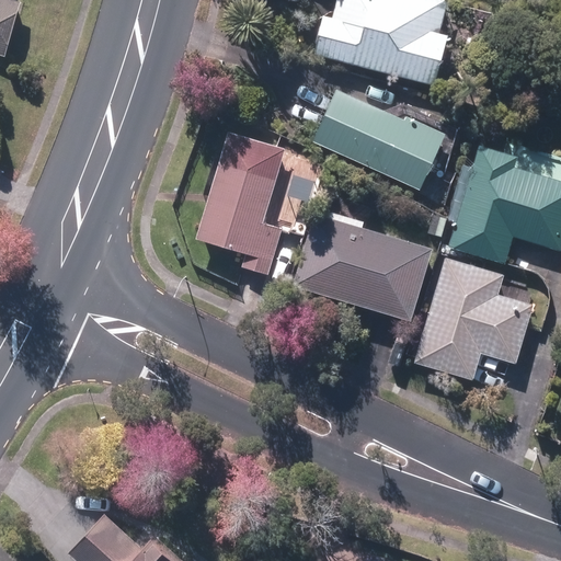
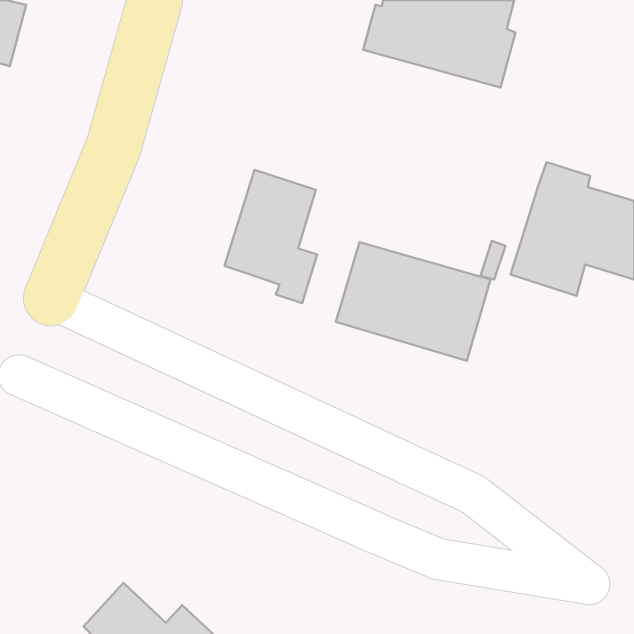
building: [316,88,443,185] -> none
building: [412,259,528,380] -> none

